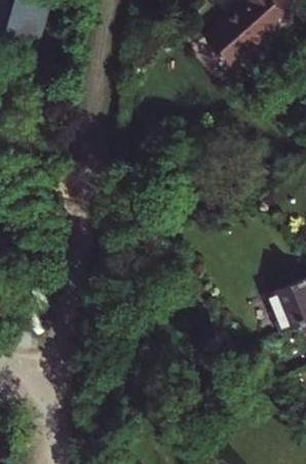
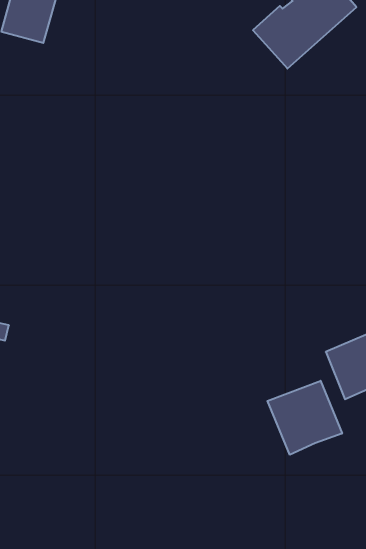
building: none -> [267,381,342,455]

